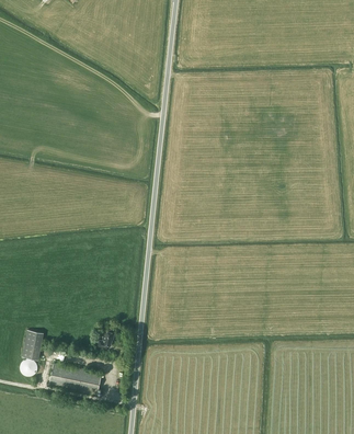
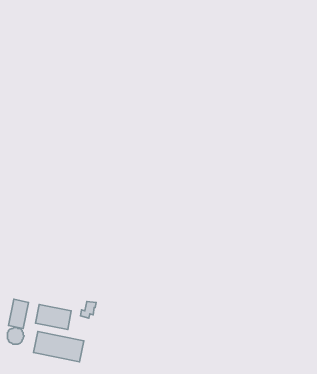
building: none -> [36,305,71,330]

